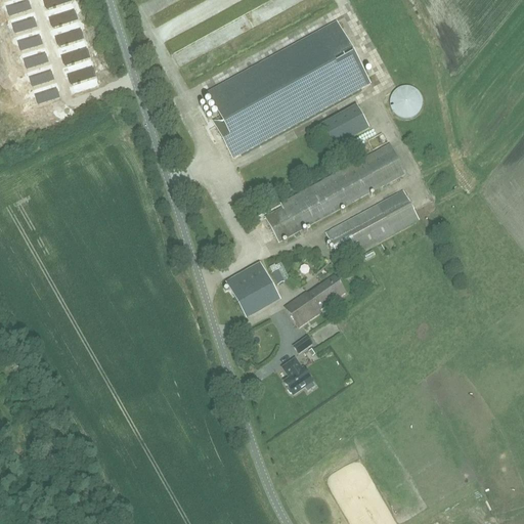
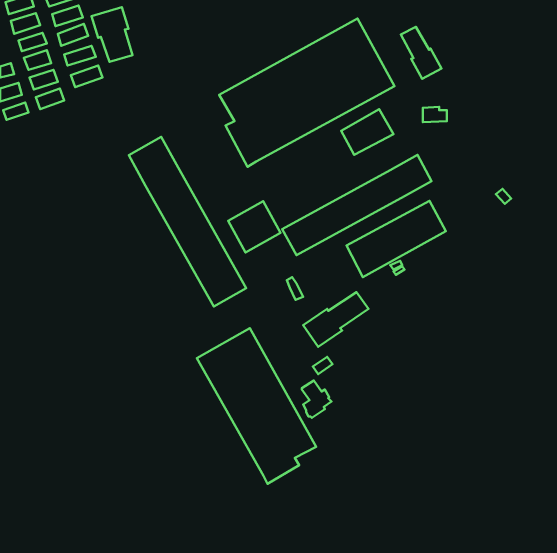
building: none -> [92,7,133,62]
building: none -> [401,27,442,79]
building: none -> [129,137,246,307]
building: [227,261,276,309] -> [228,201,280,253]
building: none -> [197,328,316,484]

